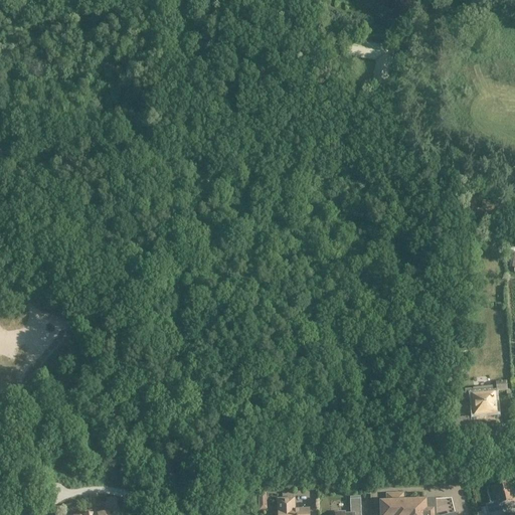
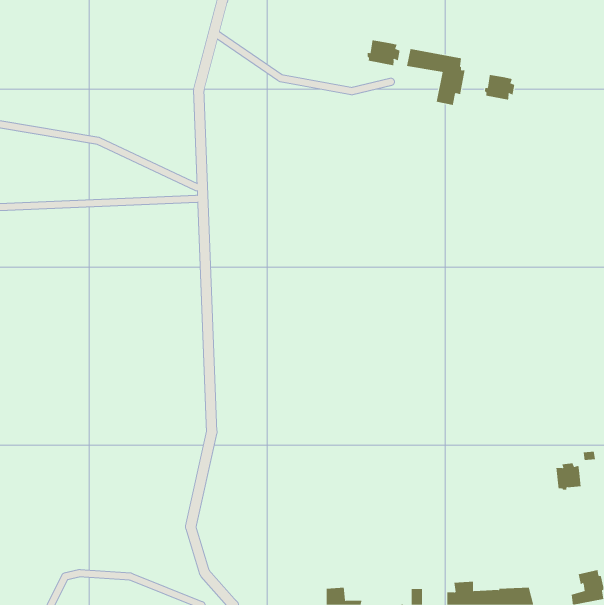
building: none -> [367,39,400,66]
building: none -> [485,74,515,101]

